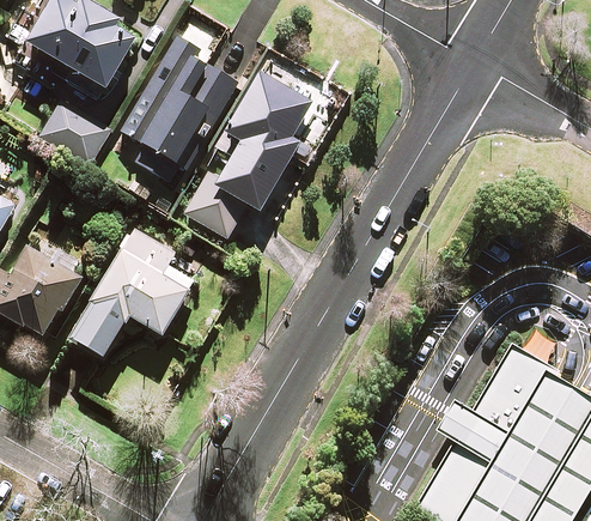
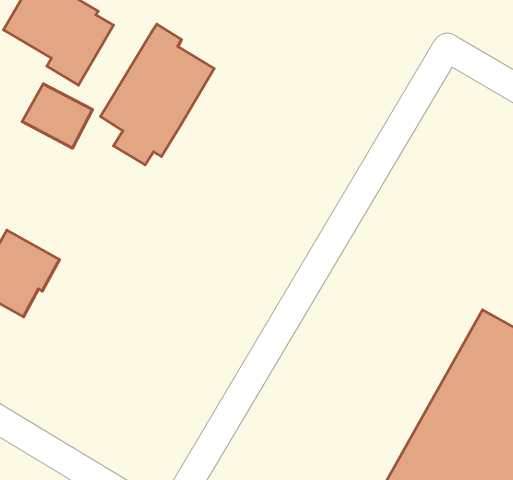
building: [184,72,313,238] -> none
building: [69,225,202,358] -> none

